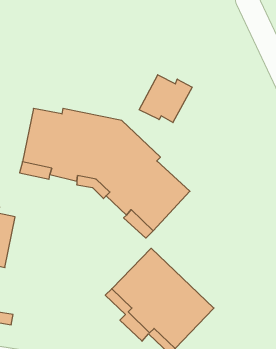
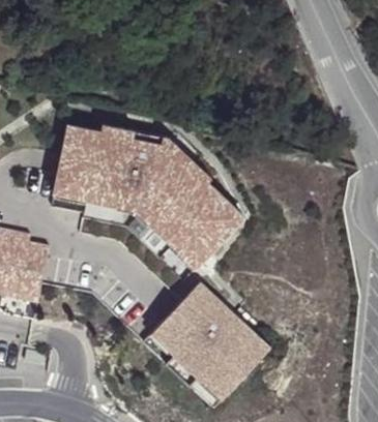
building: [139,75,192,123] -> none

